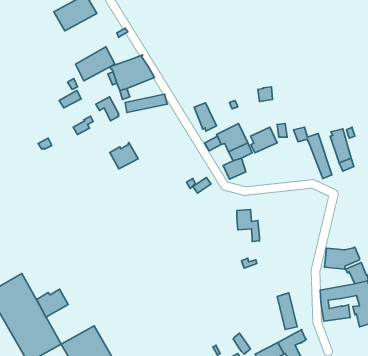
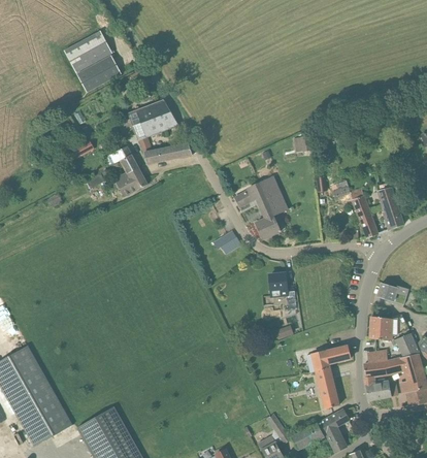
building: [76,47,115,81] -> [77,55,122,93]
building: [194,103,216,131] -> none
building: [251,127,277,153] -> none
building: [110,142,138,169] -> [116,166,147,196]
building: none -> [377,283,407,304]
building: none -> [306,346,351,372]
building: [37,289,68,317] -> none

